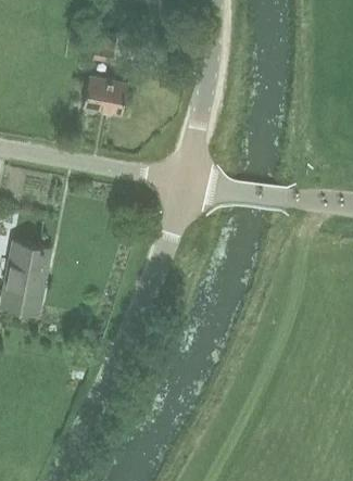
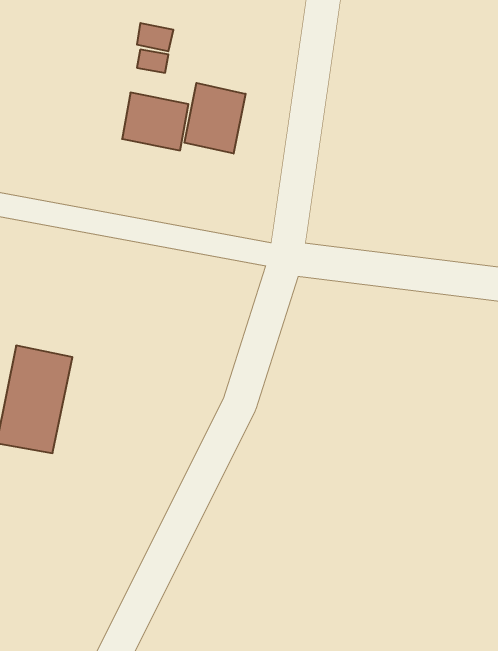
building: none -> [184,83,246,154]

